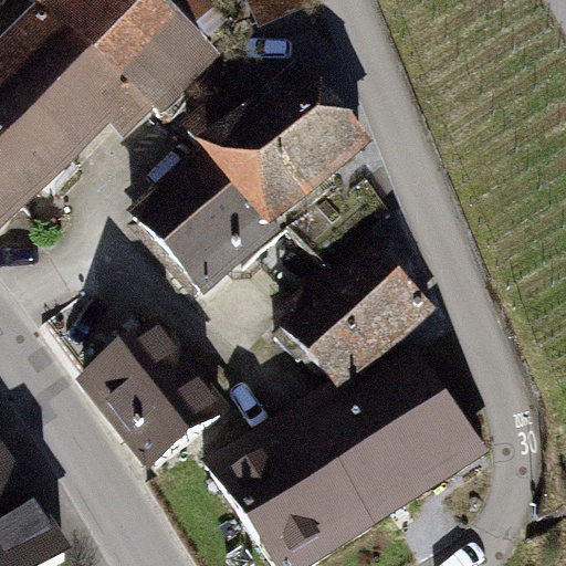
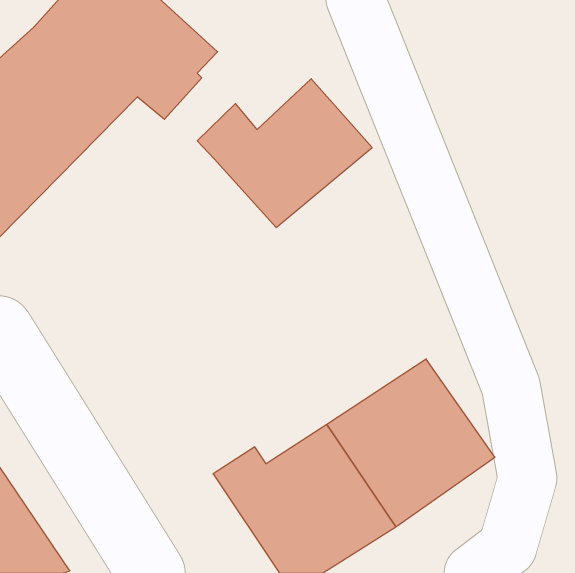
building: [136,156,274,294] -> none
building: [276,251,432,389] -> none
building: [88,331,226,470] -> none

